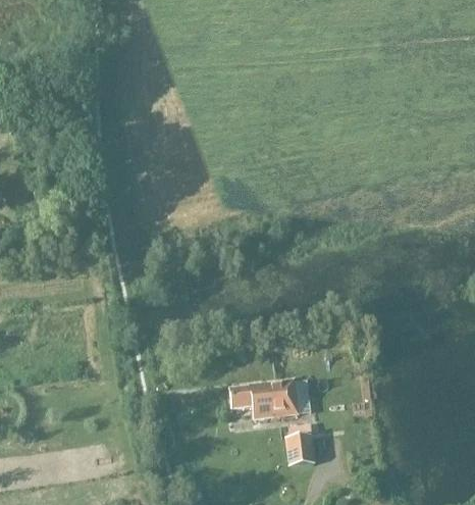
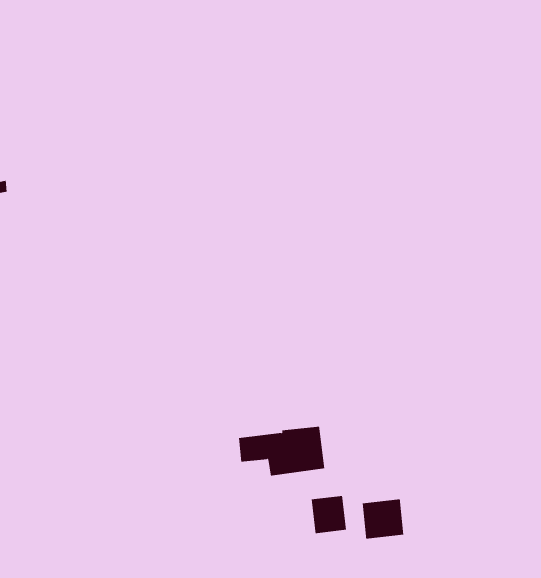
building: none -> [362,499,404,540]

